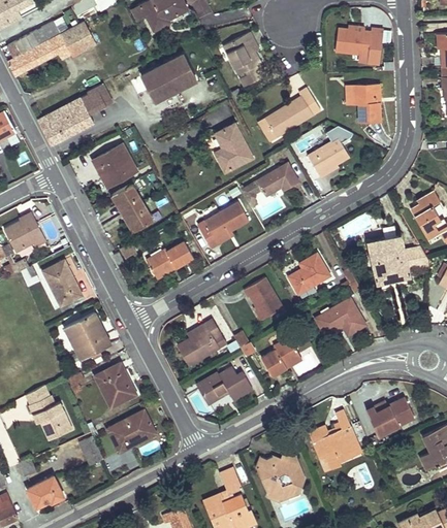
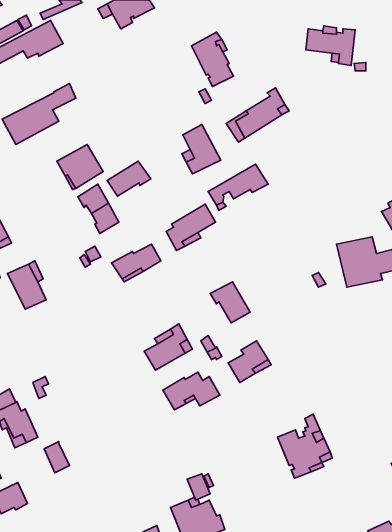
building: [142,54,196,101] -> none
building: [355,85,381,121] -> none
building: [307,126,352,178] -> none
building: none -> [107,161,151,196]
building: [287,254,329,294] -> none
building: [315,299,364,337] -> none
building: [64,311,111,360] -> none
building: [96,363,136,406] -> none
building: [366,397,415,435] -> none
building: [107,409,157,452] -> none
building: [256,451,306,501] -> none

